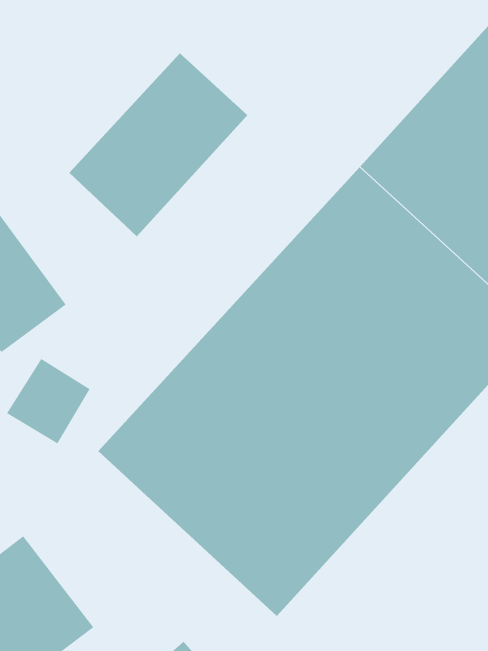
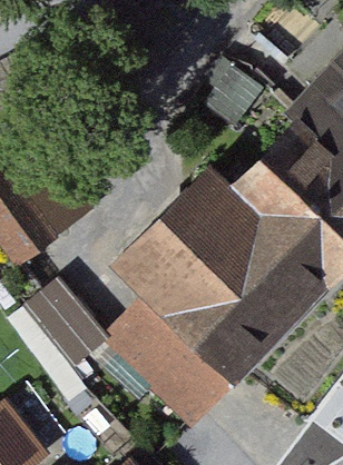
building: [68,53,248,237] -> none

